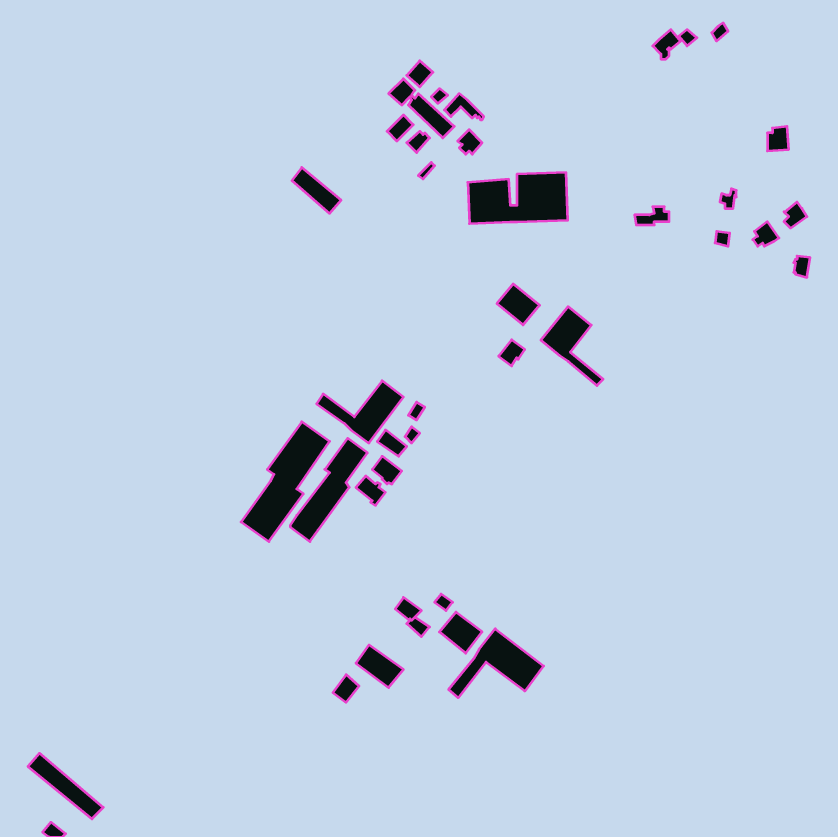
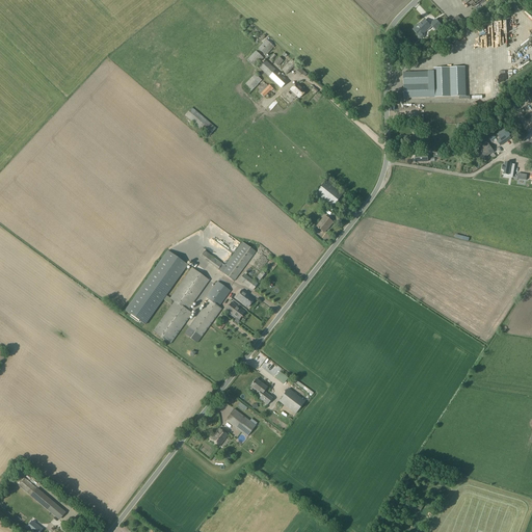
building: [468,173,568,224] -> [403,65,467,98]
building: [541,307,603,386] -> none
building: none -> [125,249,187,323]
building: [449,629,544,698] -> none

